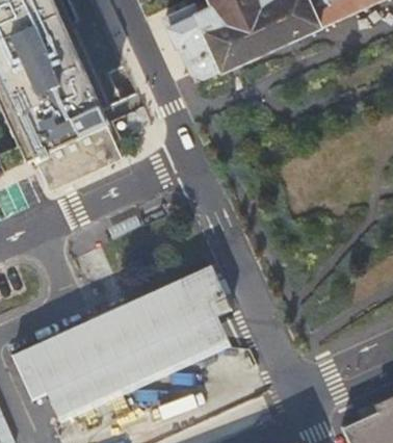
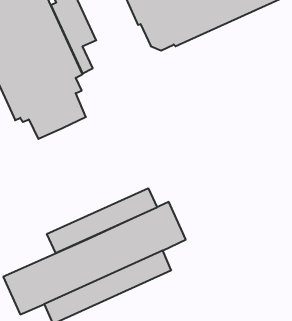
building: none -> [47,188,157,253]

